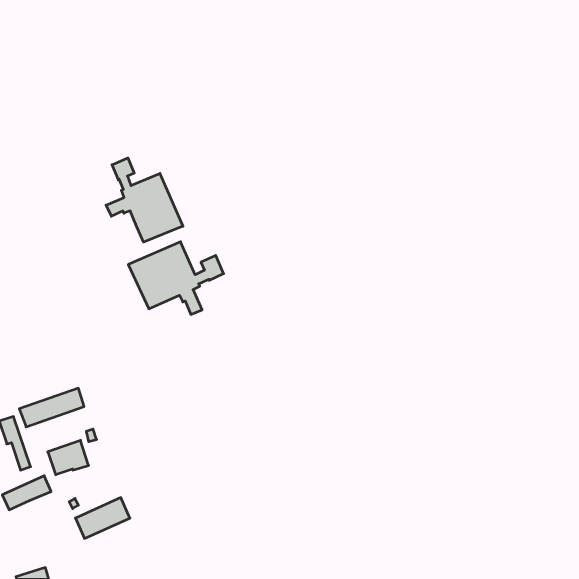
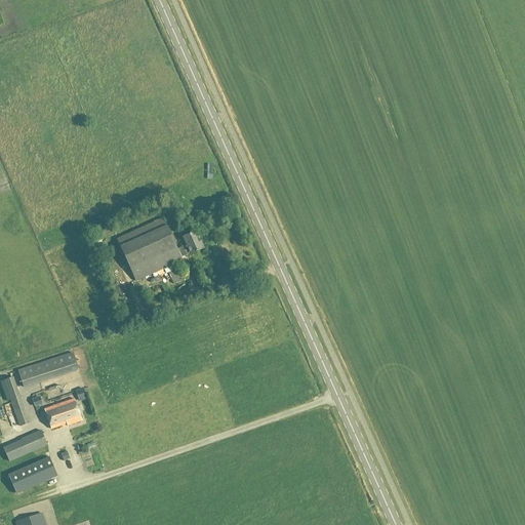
building: [106,158,183,242] -> none
building: [75,498,130,538] -> [7,456,56,493]

